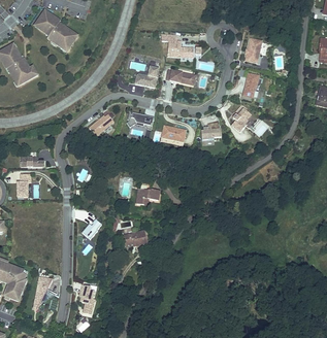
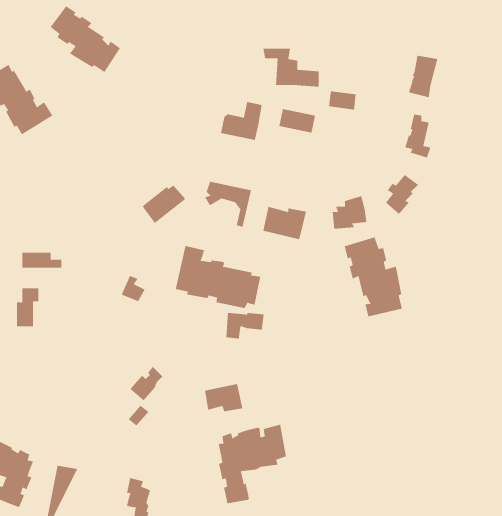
building: none -> [344,237,403,317]
building: none -> [175,245,261,309]
building: none -> [218,424,286,504]

